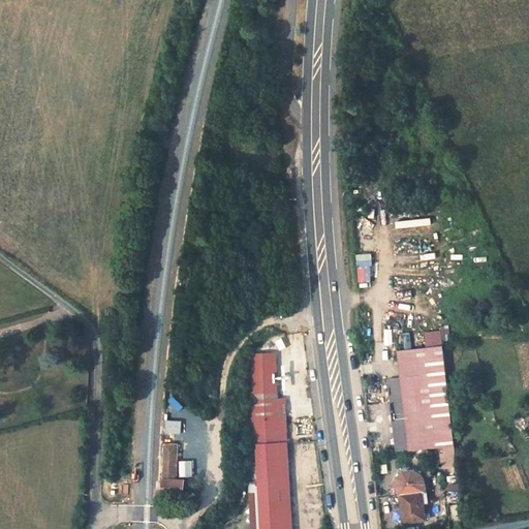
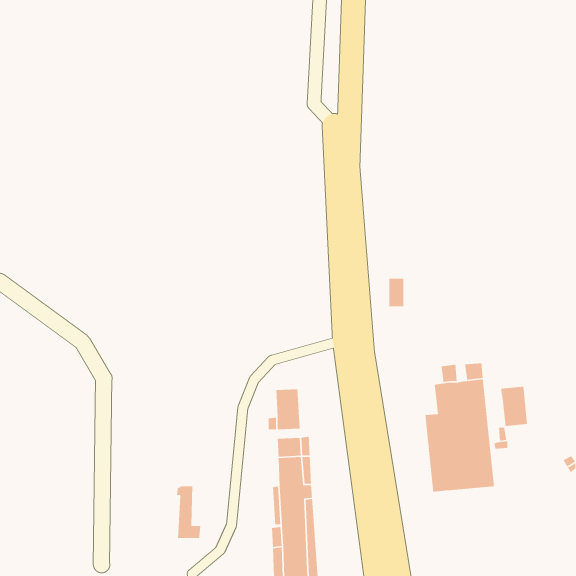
building: none -> [500,386,528,427]
building: [396,471,426,523] -> none

